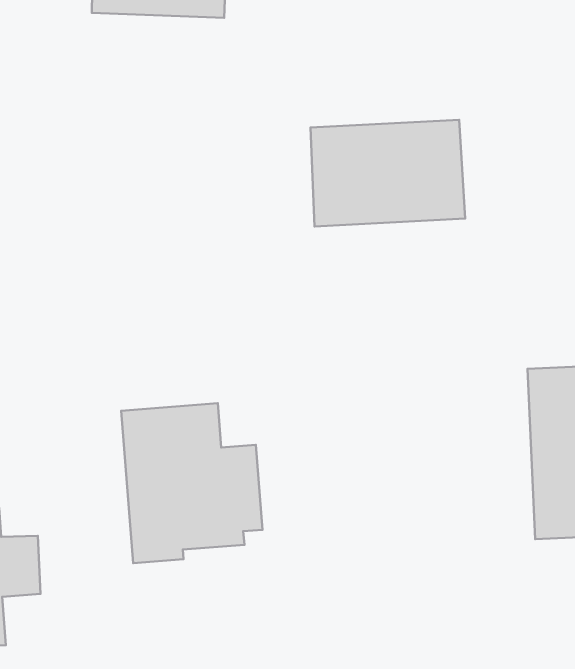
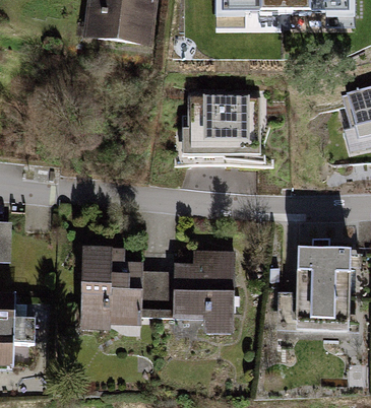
building: none -> [151,258,234,332]

